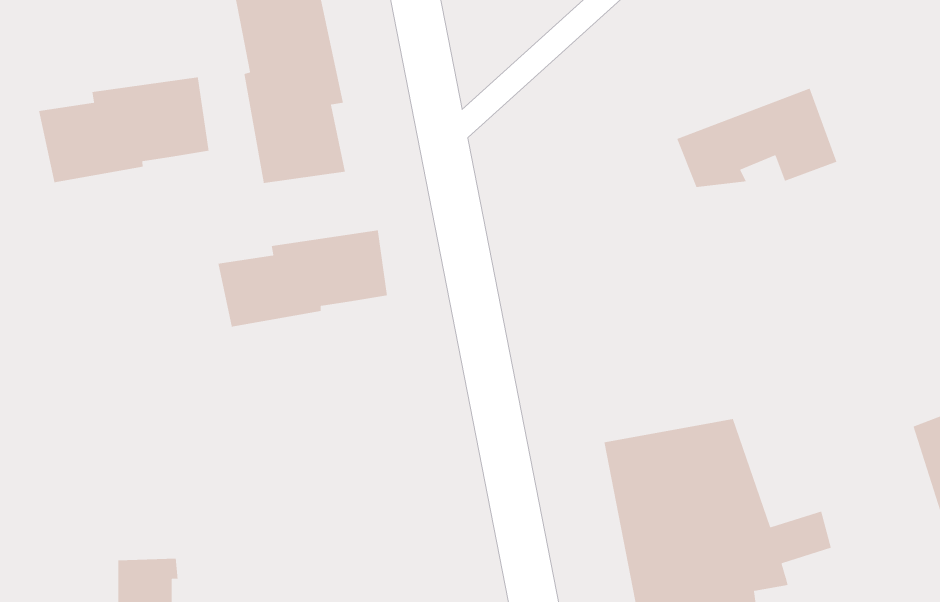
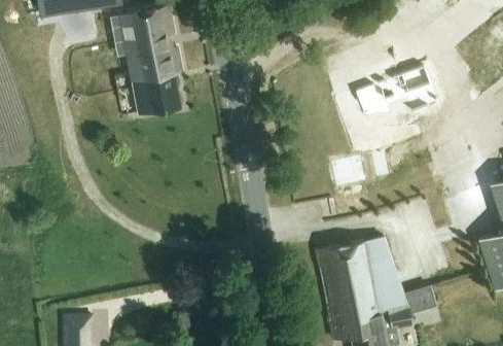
building: [38,76,209,183] -> none
building: [217,230,388,328] -> none

